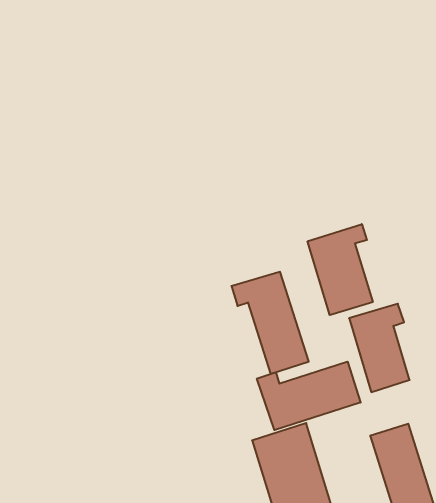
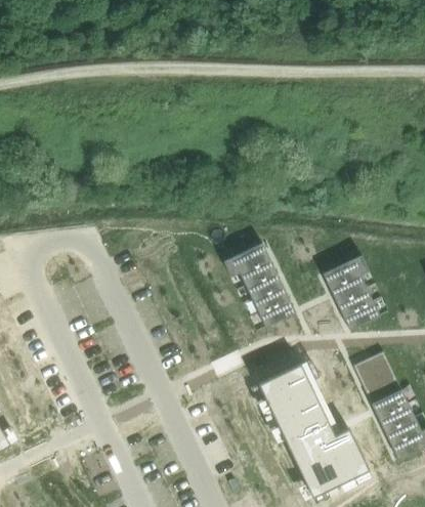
building: [308,224,373,315] -> none
building: [257,362,361,430] -> none

